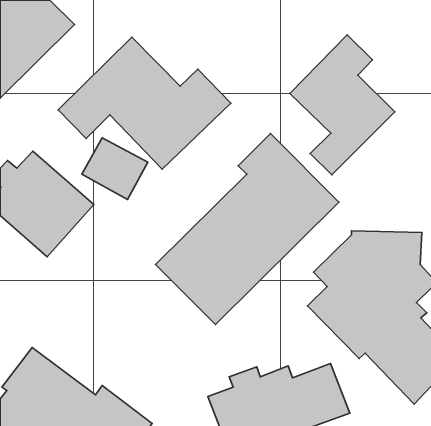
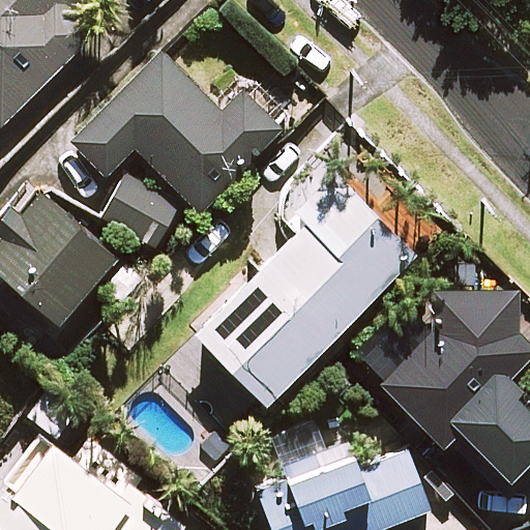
building: [290,35,395,175] -> none

